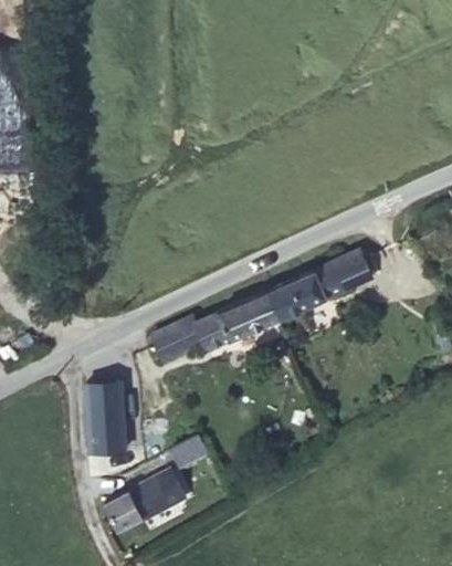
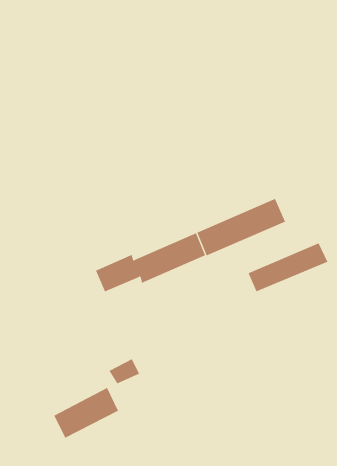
building: none -> [248,242,328,292]
building: [86,382,124,452] -> none

